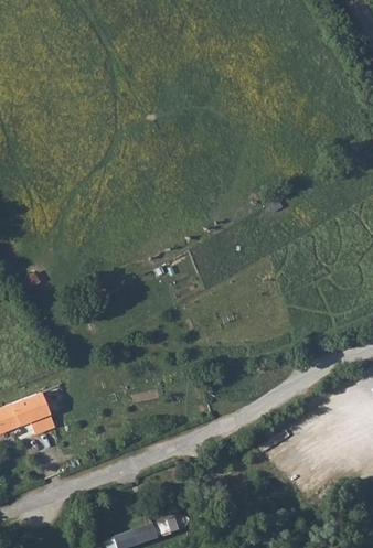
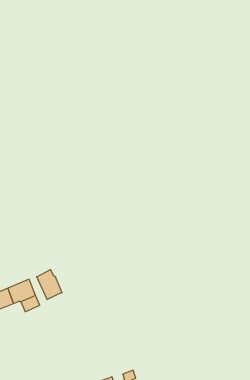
building: none -> [37,270,62,300]

